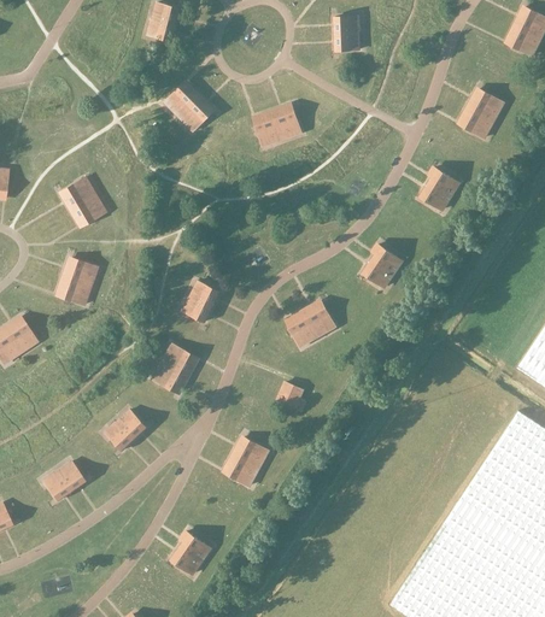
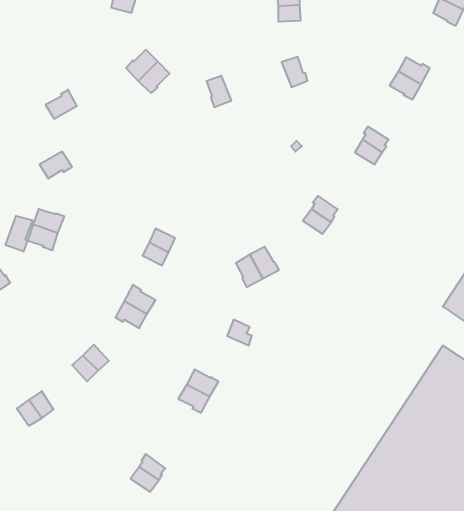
building: [271,105,300,139] -> [282,57,308,87]
building: [59,177,94,210] -> [46,90,77,119]
building: none -> [6,216,32,252]

